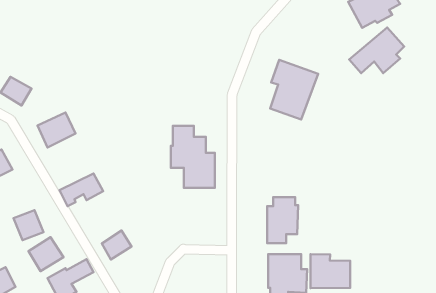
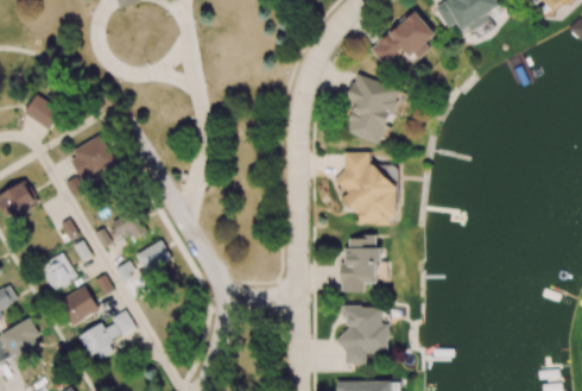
building: [349,27,404,73] -> [371,11,436,65]
building: [171,126,215,188] -> [342,151,394,225]
building: [102,231,132,259] -> [139,238,175,272]
building: [311,254,350,288] -> none

